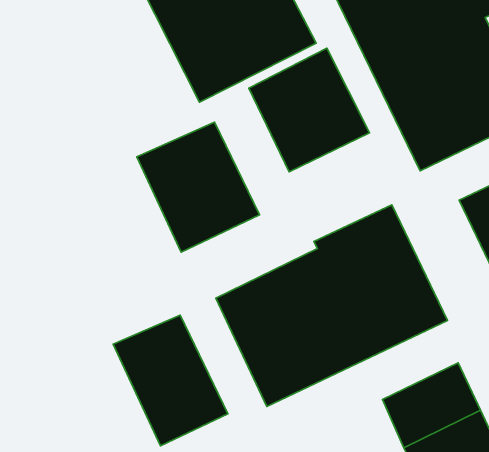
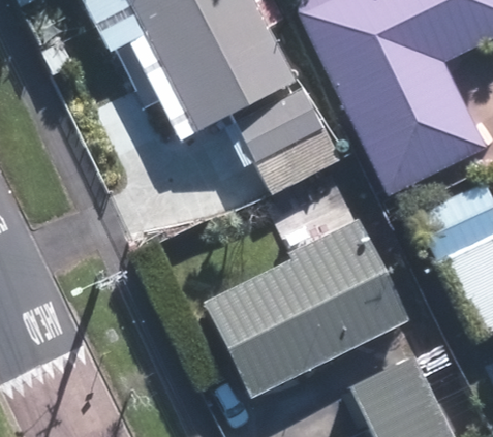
building: [137,122,259,252] -> none
building: [113,315,228,446] -> none

